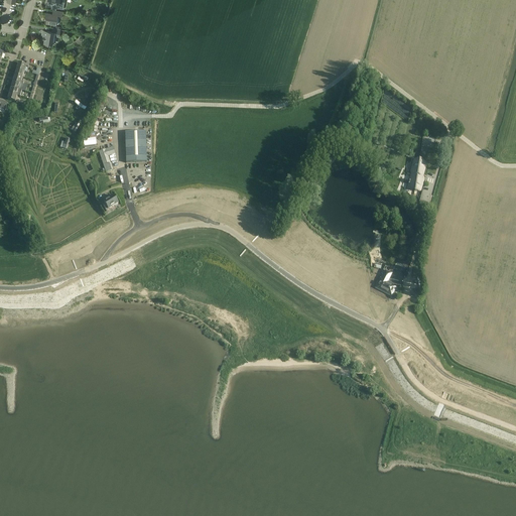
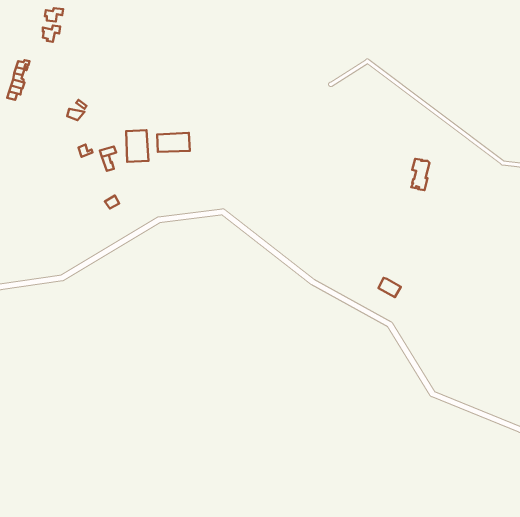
building: none -> [157,133,190,152]

